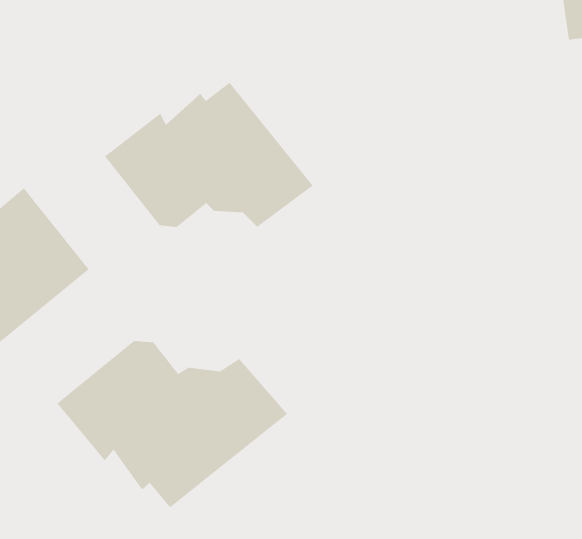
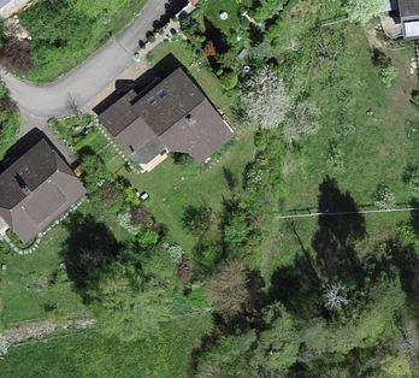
building: [57,340,288,508] -> none

